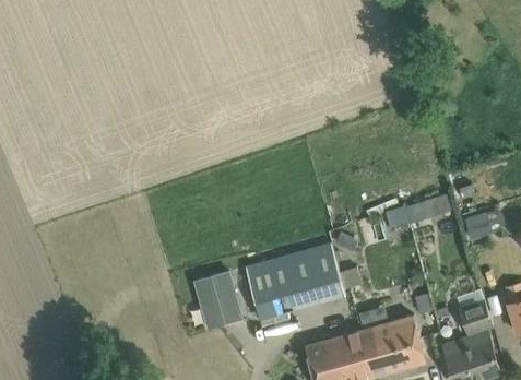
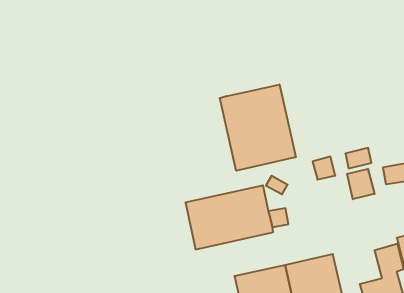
building: none -> [220,84,296,171]
building: none -> [347,169,375,199]
building: [192,271,241,328] -> none

